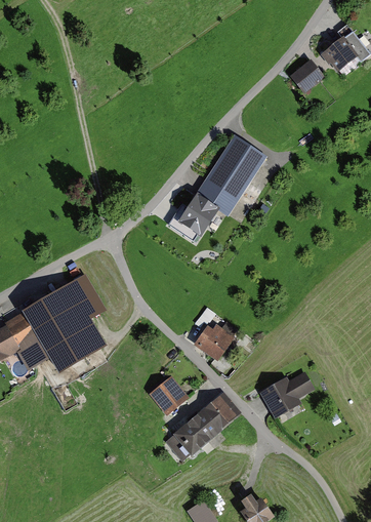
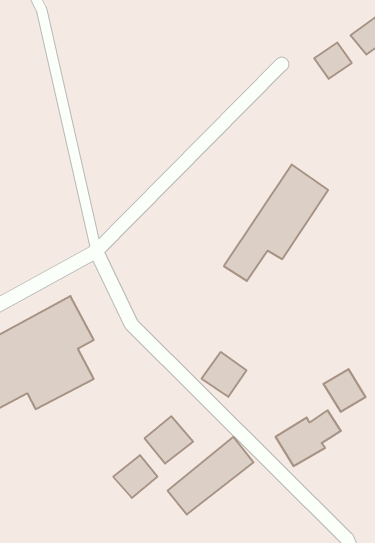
building: [177,135,265,234] -> [224,164,328,281]
building: none -> [323,369,366,412]
building: none -> [113,455,157,498]

